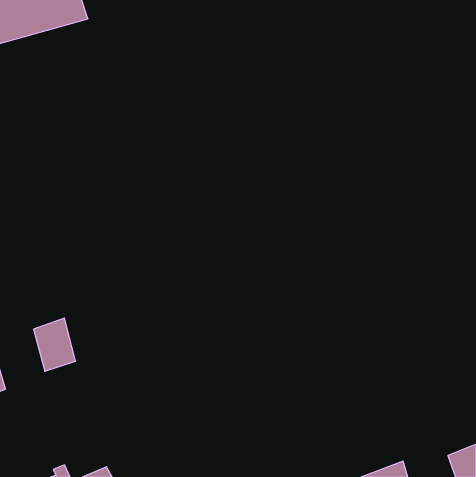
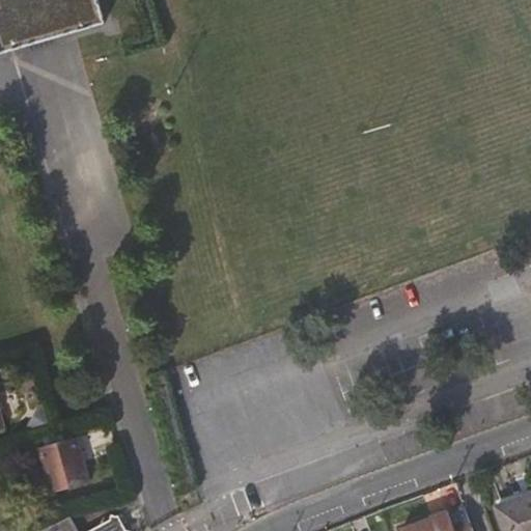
building: [34,318,76,371] -> [40,436,87,495]

